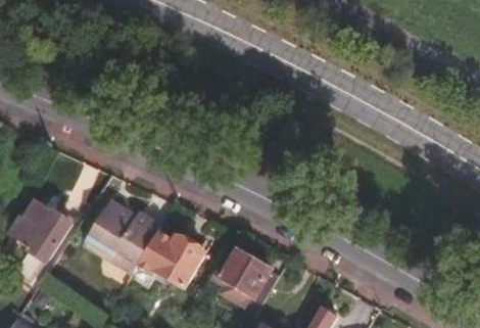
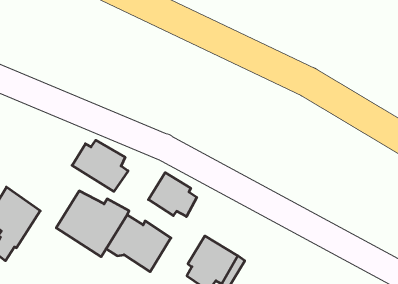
building: none -> [72,140,128,191]
building: none -> [148,173,197,217]

